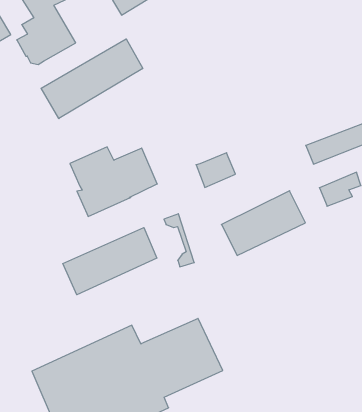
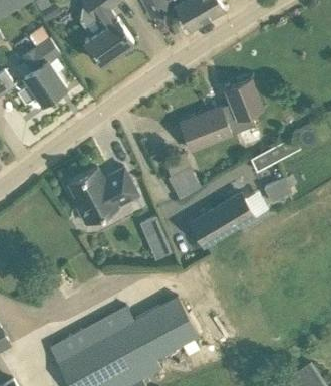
building: [41,39,143,119] -> none
building: none -> [179,79,262,152]
building: [63,228,157,295] -> none

